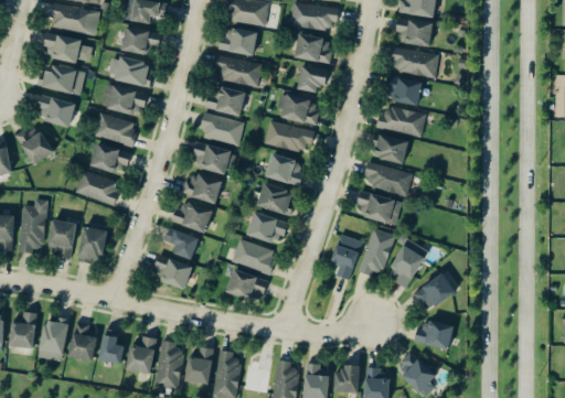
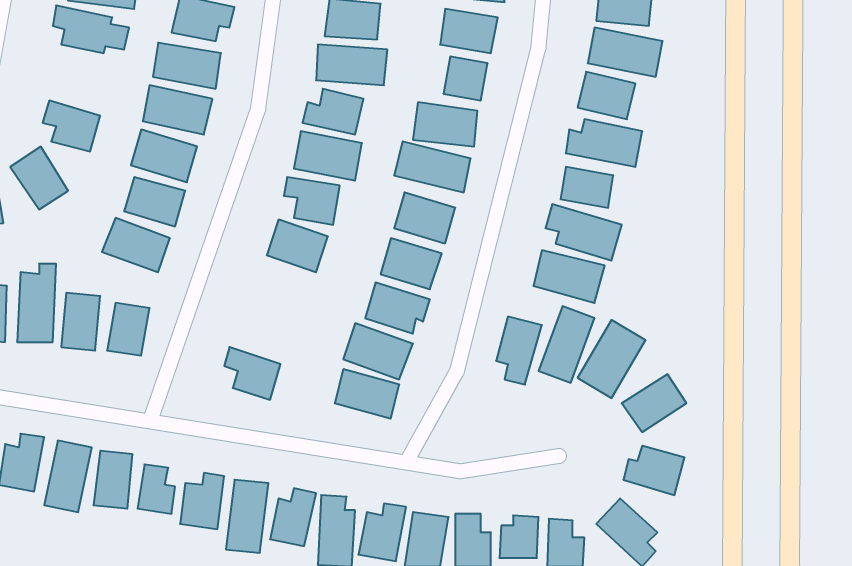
building: [42,65,84,94] -> none
building: [173,202,211,232] -> none
building: [164,227,198,258] -> none

